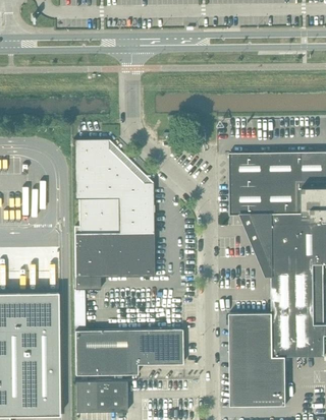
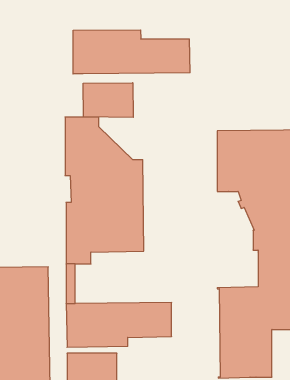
building: none -> [73,30,190,74]
building: none -> [83,83,133,117]

